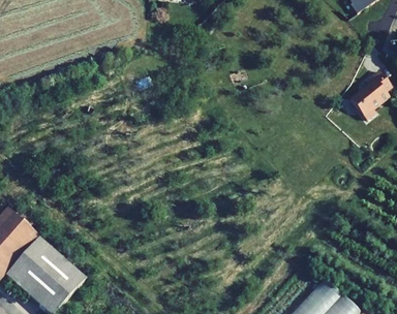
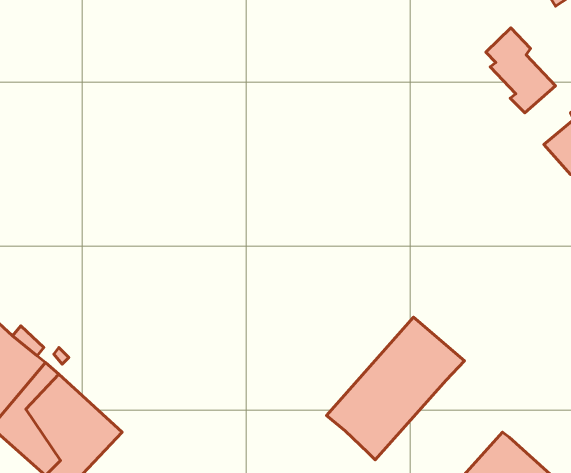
building: none -> [486,28,555,113]
building: none -> [326,317,464,460]

